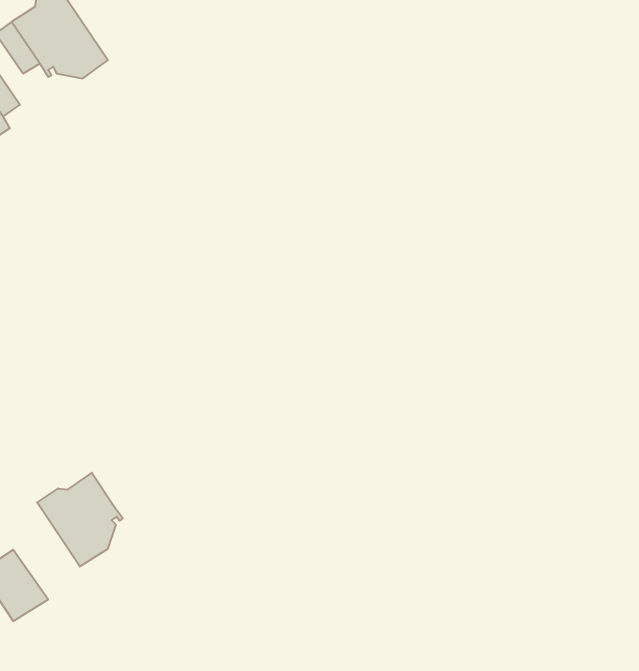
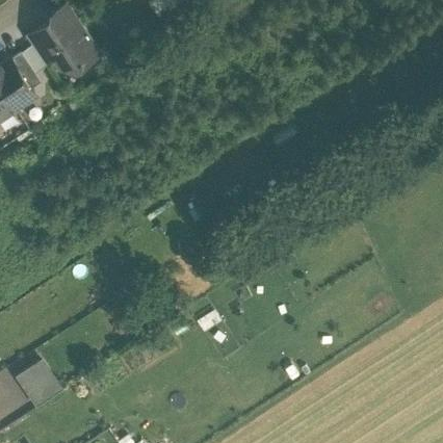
building: [37,473,123,567] -> none

